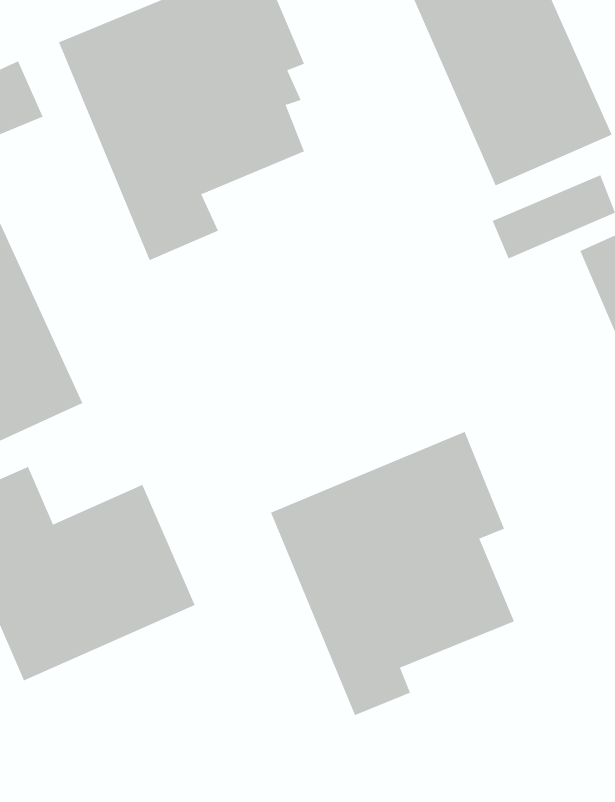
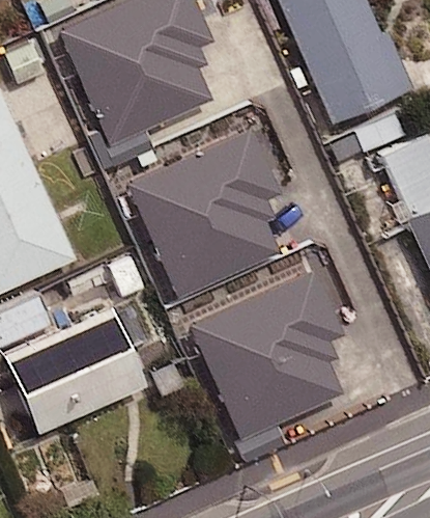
building: none -> [127,131,279,295]

